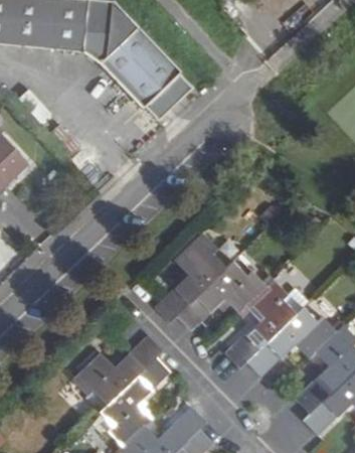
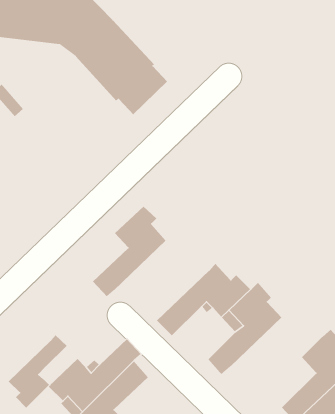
building: [155,235,226,322] -> [92,206,167,297]
building: [247,306,335,375] -> none
building: none -> [8,334,67,408]

